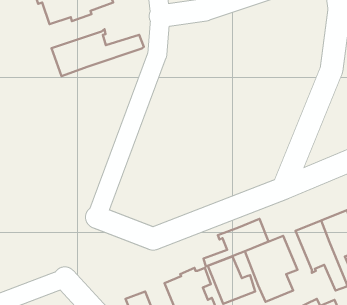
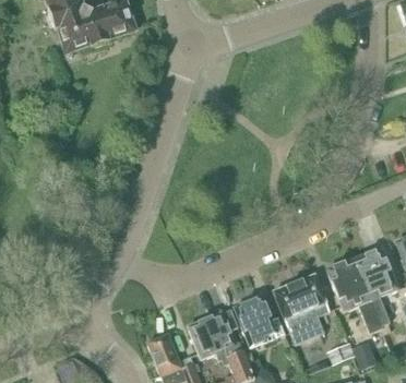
building: [52,29,144,76] -> none
building: [204,219,268,266] -> none

